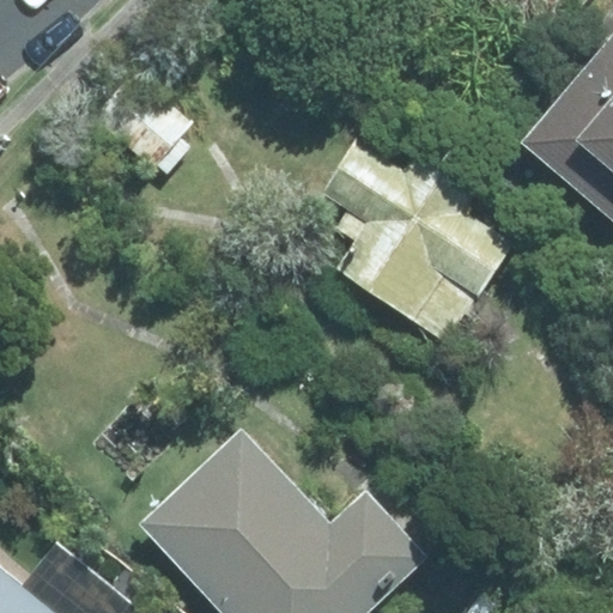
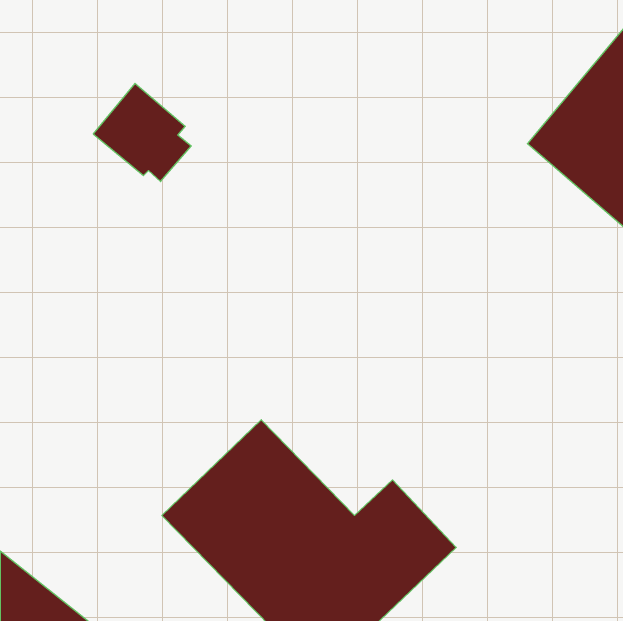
building: [309,150,496,353] -> none

